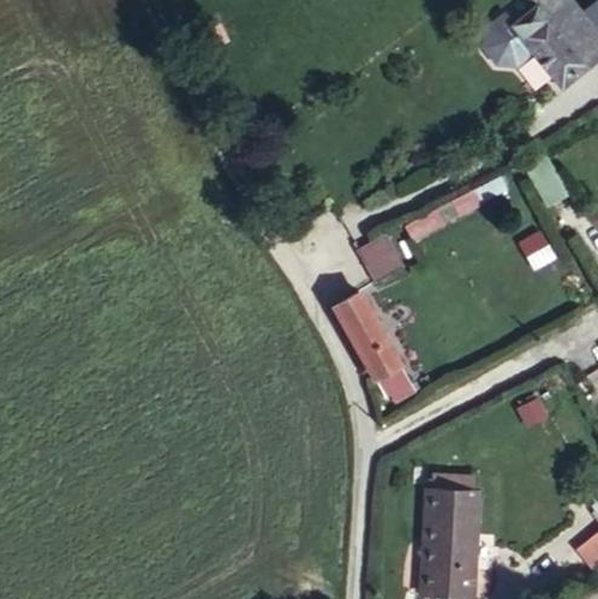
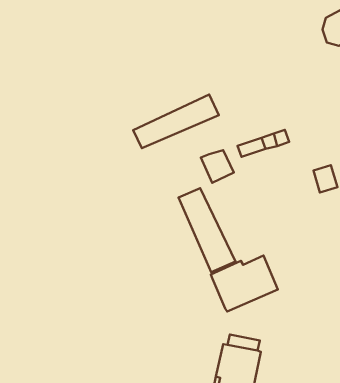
building: none -> [133,94,219,148]
building: none -> [211,256,278,311]

